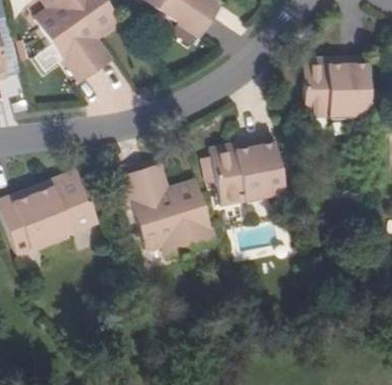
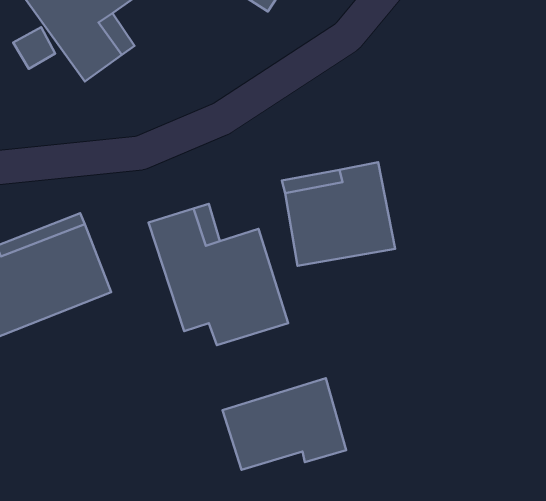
building: [304,57,368,117] -> none
building: none -> [223,378,346,470]

